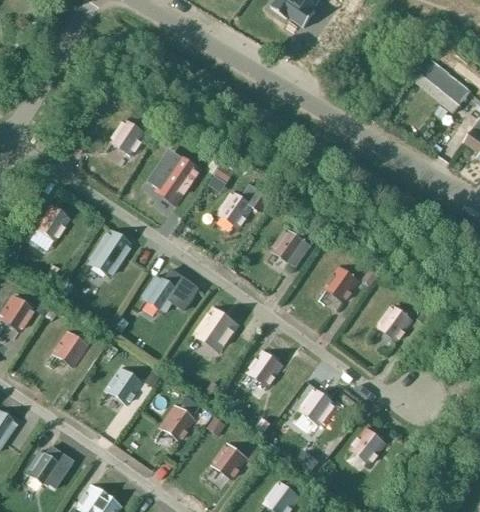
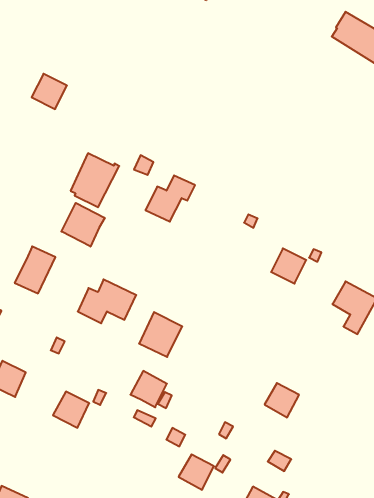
building: [112,121,146,155] -> [32,74,67,109]
building: none -> [61,203,105,247]
building: [273,230,307,264] -> none
building: [249,352,283,385] -> none
building: [159,406,194,441] -> [130,371,167,407]
building: [352,429,385,462] -> none

